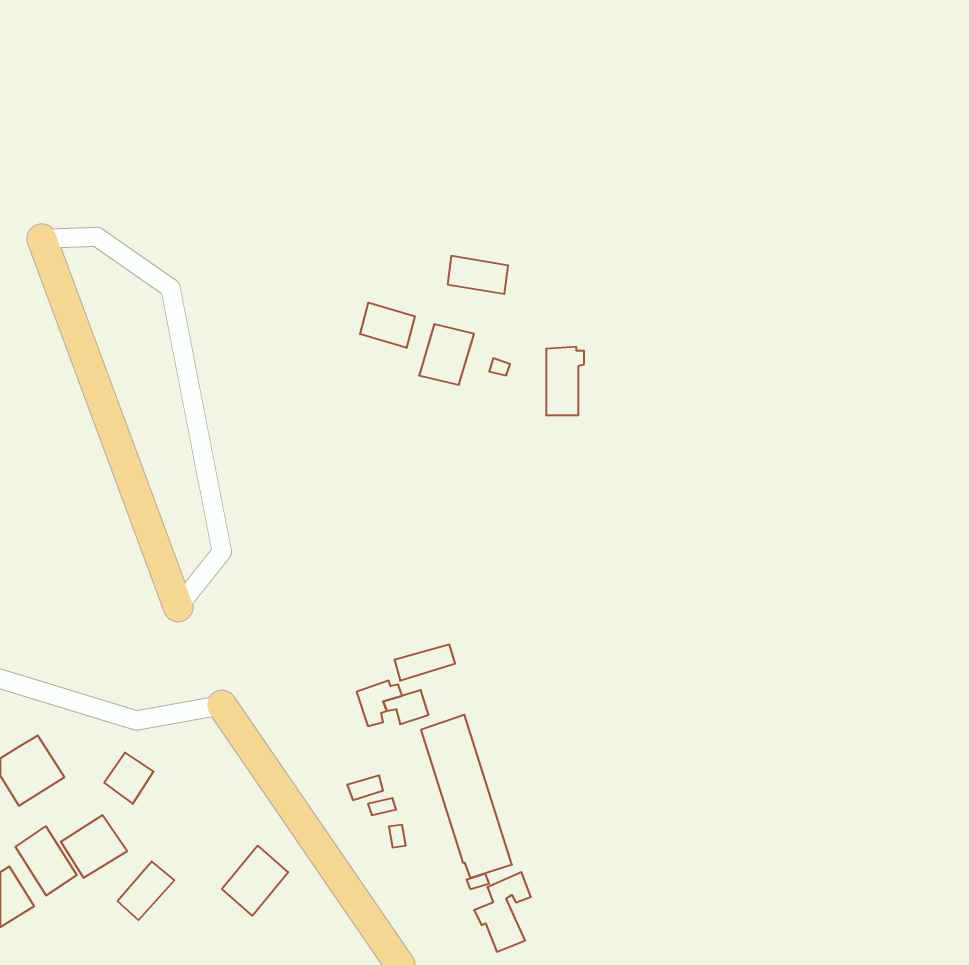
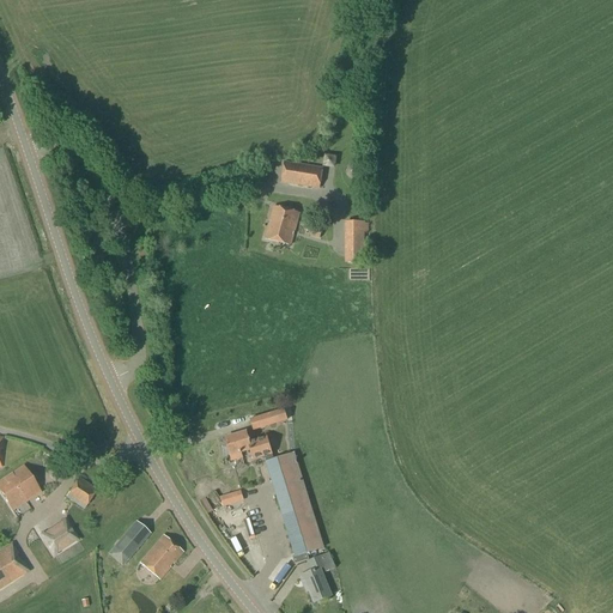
building: [360,303,415,348] -> none
building: [15,826,77,896] -> none
building: [118,861,174,920] -> [114,521,150,558]

